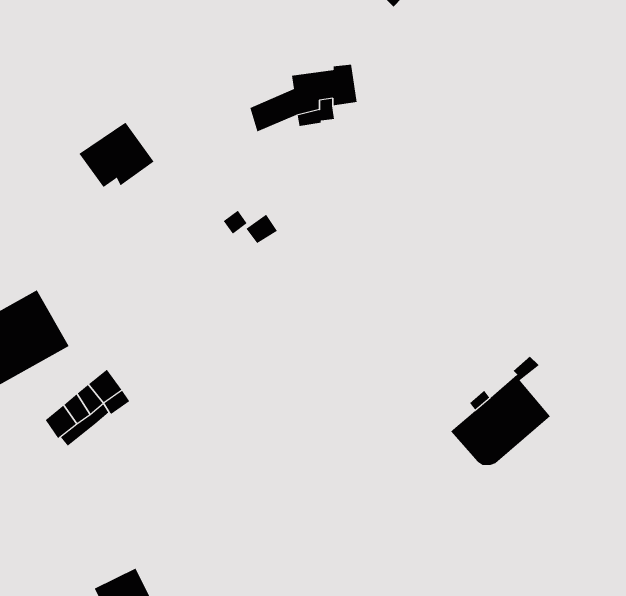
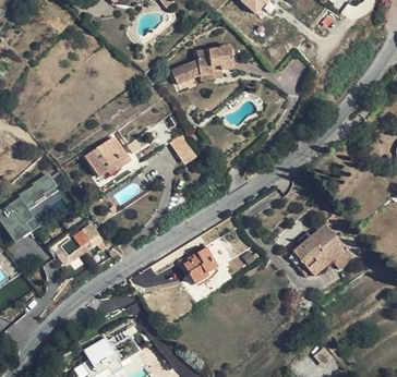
building: [79,122,154,188] -> [86,137,130,175]
building: none -> [183,250,216,284]

